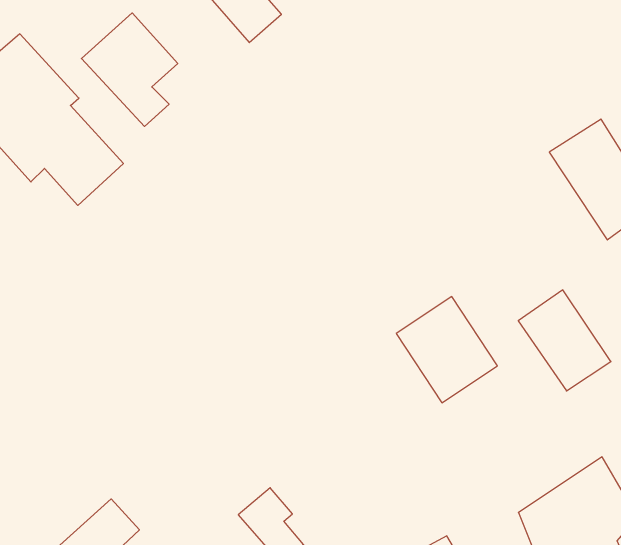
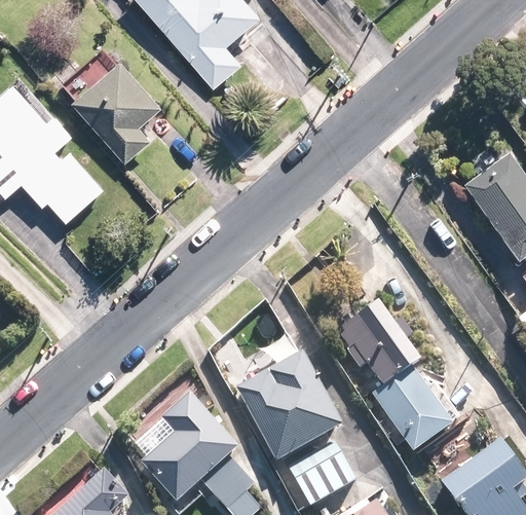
building: [518,290,611,391] -> [373,367,450,451]
building: none -> [240,353,339,455]
building: none -> [138,394,234,500]
building: none -> [297,446,355,501]

